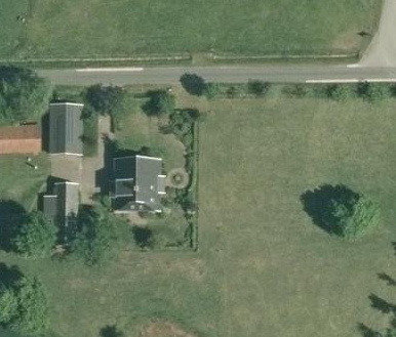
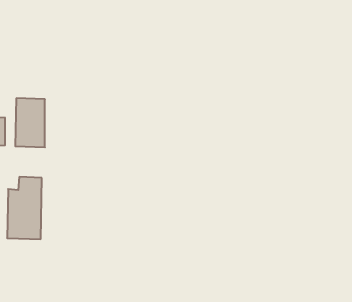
building: [115,159,158,208] -> none

